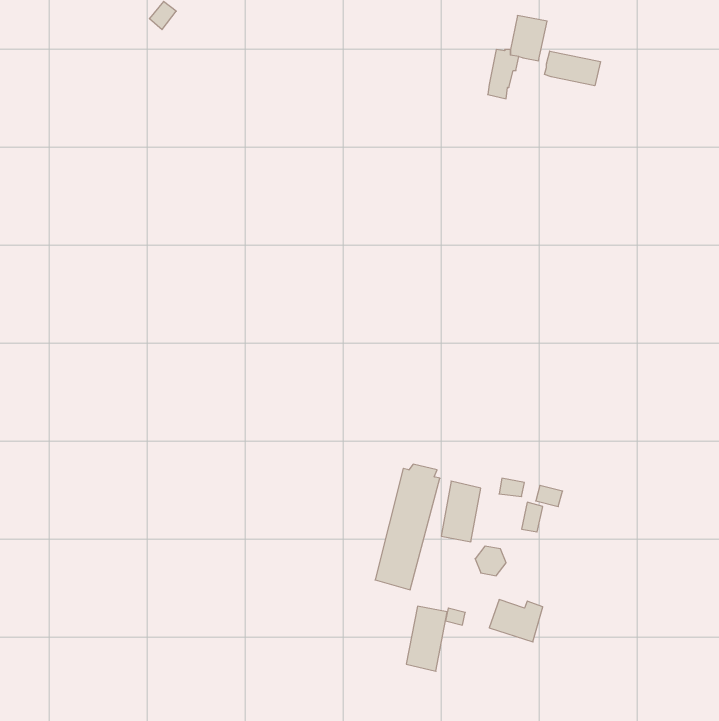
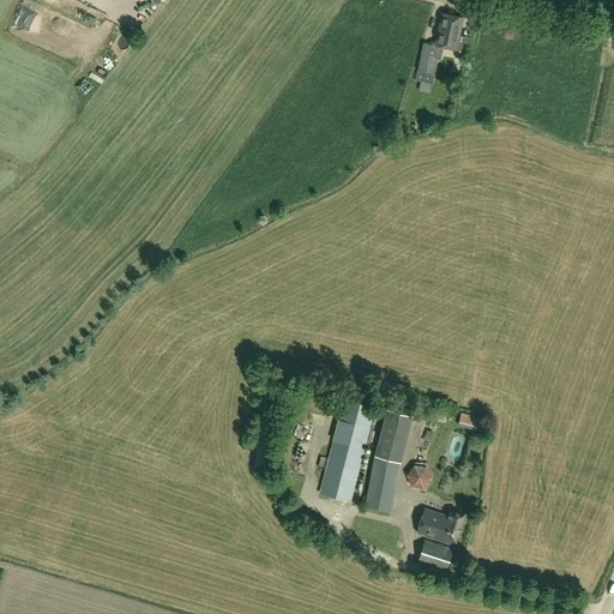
building: [545,51,600,86] -> none
building: [406,606,447,671] -> [366,456,401,511]
building: none -> [416,540,452,572]

